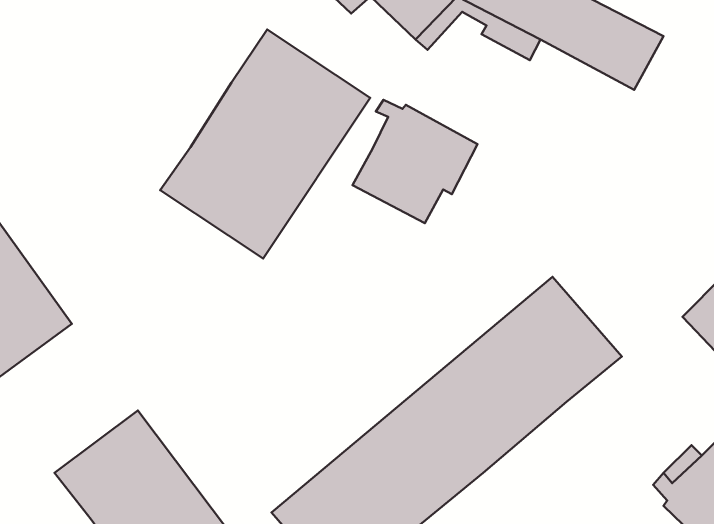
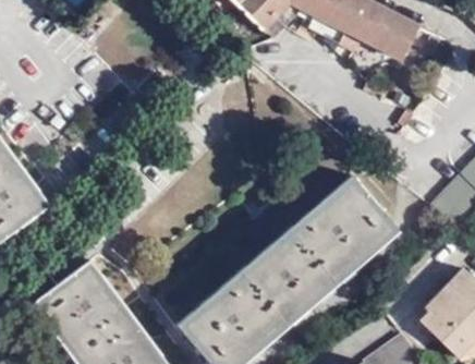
building: [160,30,370,259] -> none
building: [352,100,477,223] -> none

